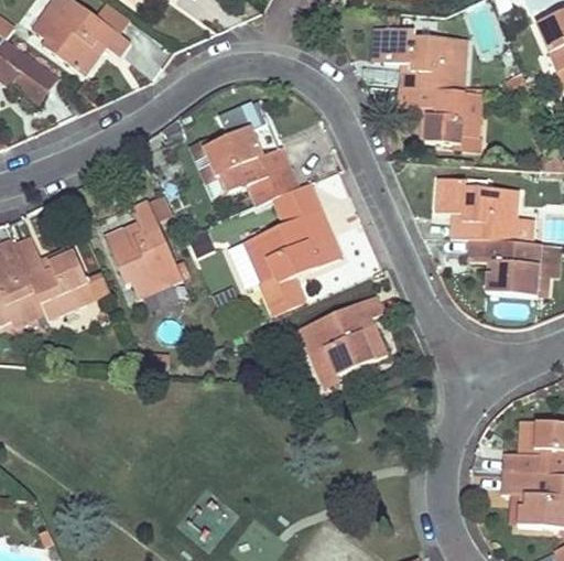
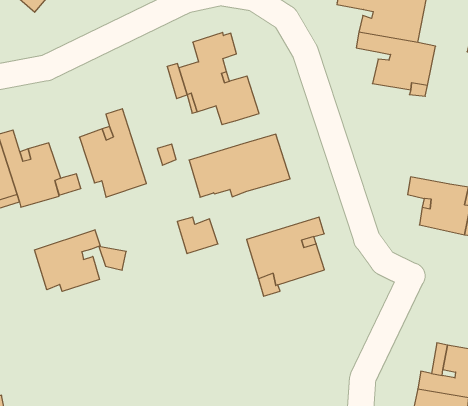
building: [436,176,520,242] -> none
building: [273,183,319,223] -> none
building: [259,274,306,315] -> [177,217,218,254]
building: none -> [34,230,100,291]

